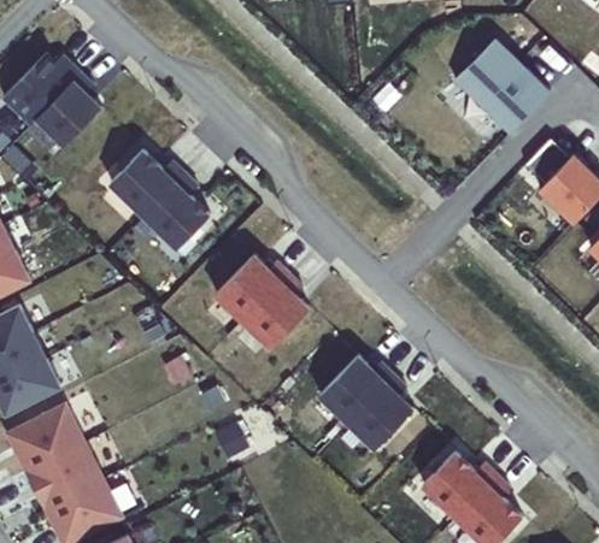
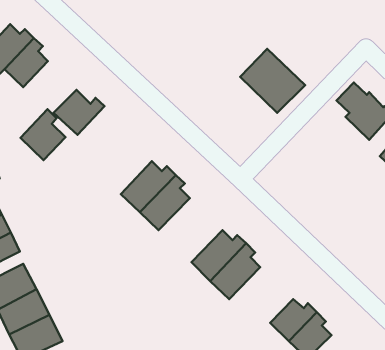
building: [456,40,551,134] -> [240,49,305,113]
building: [145,175,211,249] -> [21,109,66,160]

